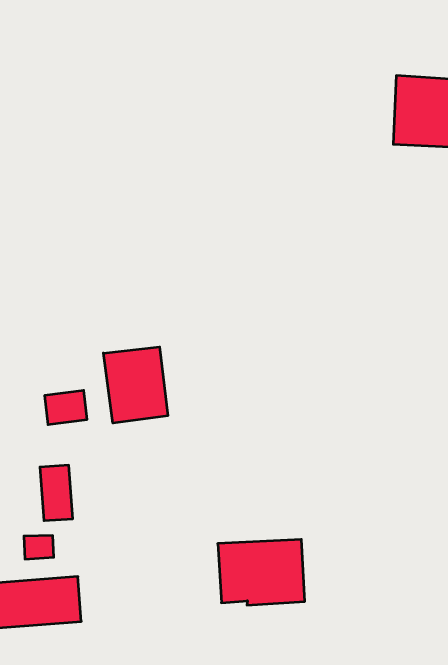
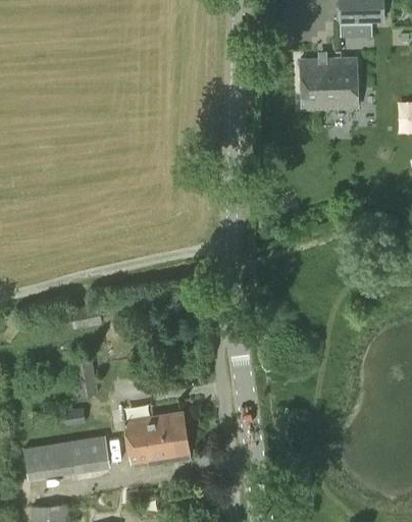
building: [103,347,168,423] -> none
building: [218,539,305,605] -> [124,413,190,463]

